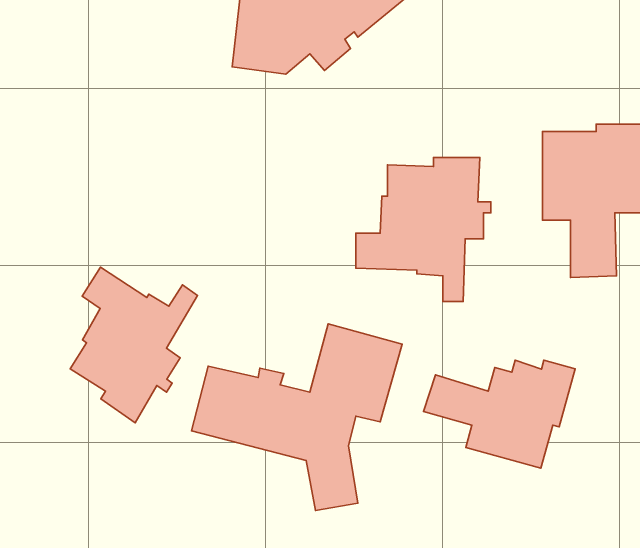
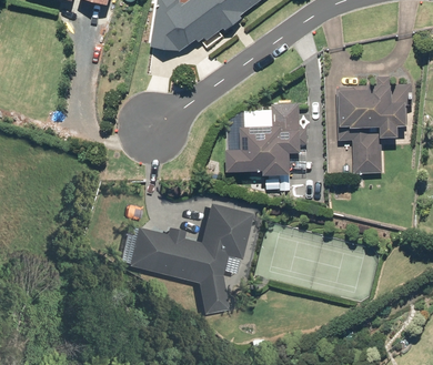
building: [70,267,198,423] -> none
building: [423,360,575,468] -> none

